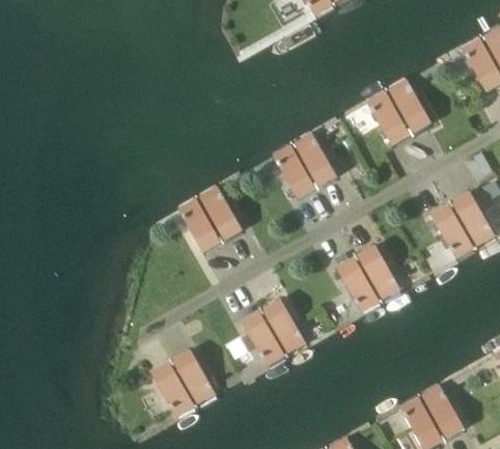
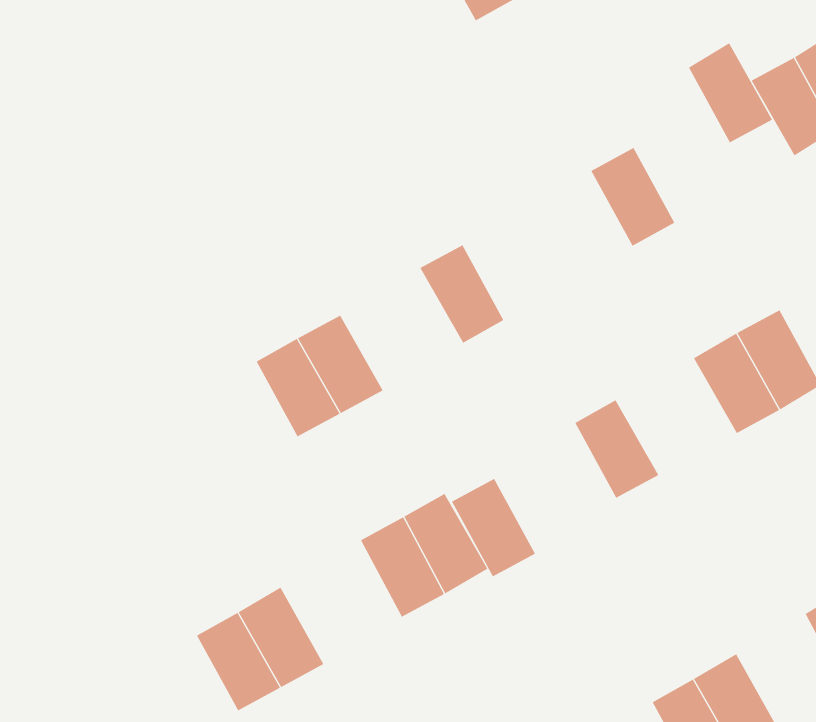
building: [393,77,442,135] -> [688,42,773,143]
building: [295,133,343,191] -> none
building: [334,250,383,307] -> [451,478,536,577]

